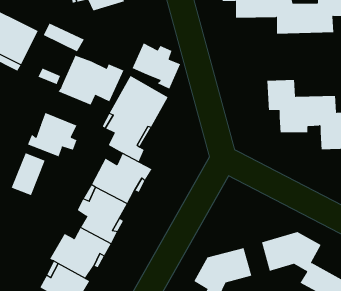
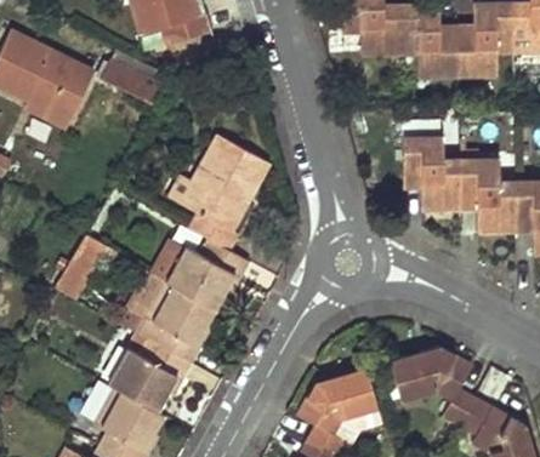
building: [132,43,181,90] -> none
building: [58,55,124,106] -> none
building: [27,112,77,157] -> none

